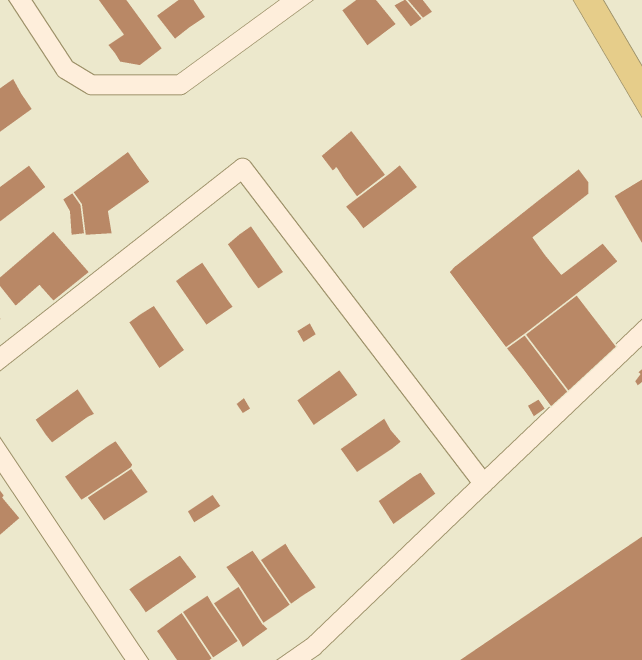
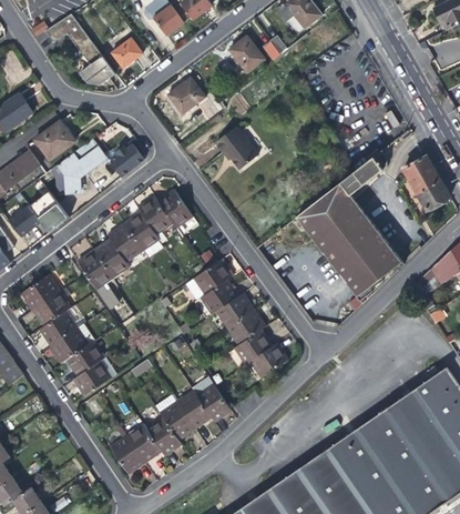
building: none -> [167,78,204,113]
building: none -> [34,120,74,160]
building: none -> [108,141,143,177]
building: [345,164,418,230] -> none
building: none -> [135,194,172,234]
building: none -> [106,222,142,262]
building: none -> [75,249,117,309]
building: none -> [193,259,234,295]
building: none -> [19,273,60,311]
building: none -> [215,293,256,330]
building: none -> [39,310,79,347]
building: none -> [233,330,274,367]
building: none -> [192,377,232,423]
building: [128,555,197,613] -> [72,357,116,395]

